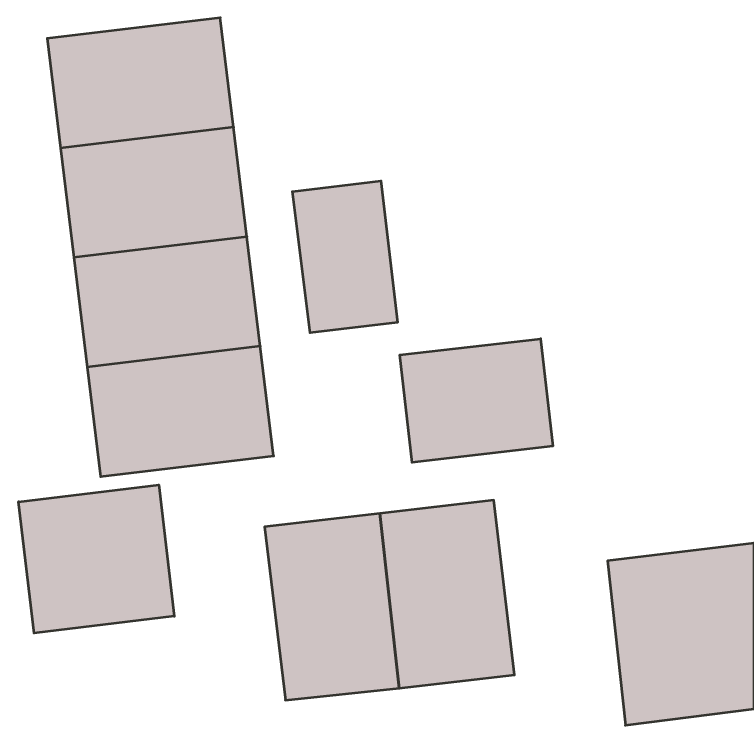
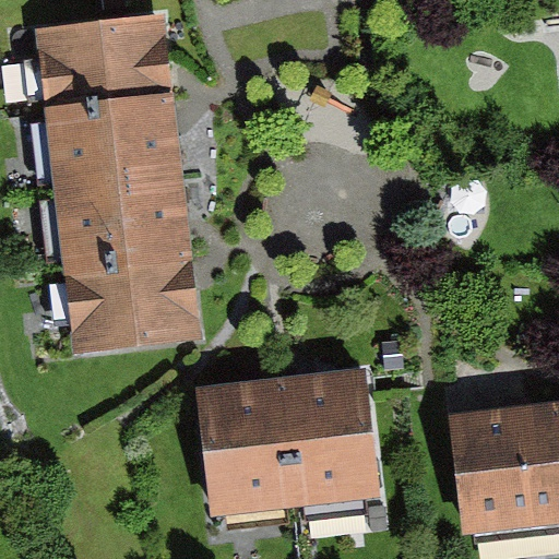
building: [292,181,397,333] -> none
building: [400,339,553,462] -> none
building: [19,485,174,633] -> none

